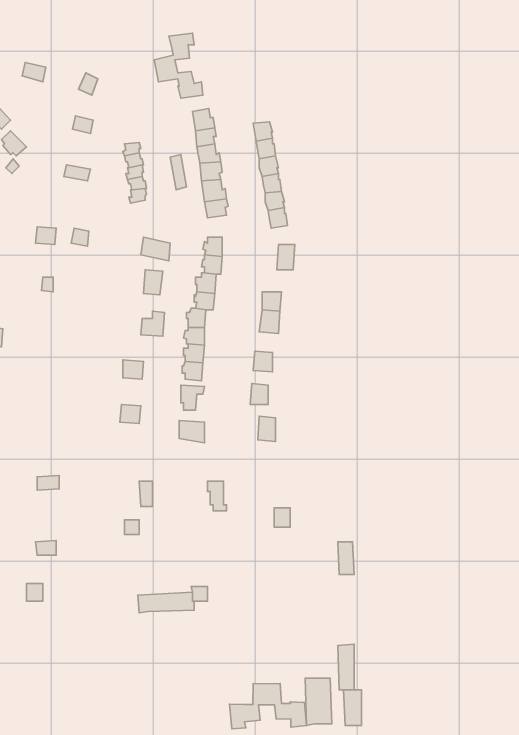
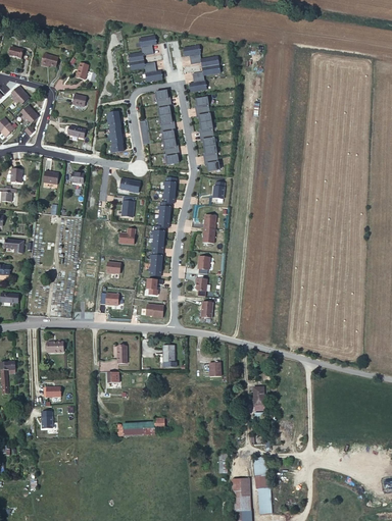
building: none -> [184,47,217,92]
building: [229,683,307,729] -> none

